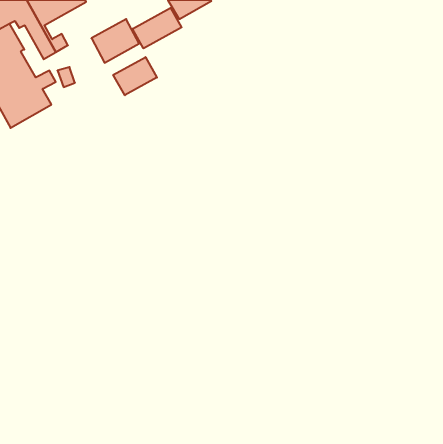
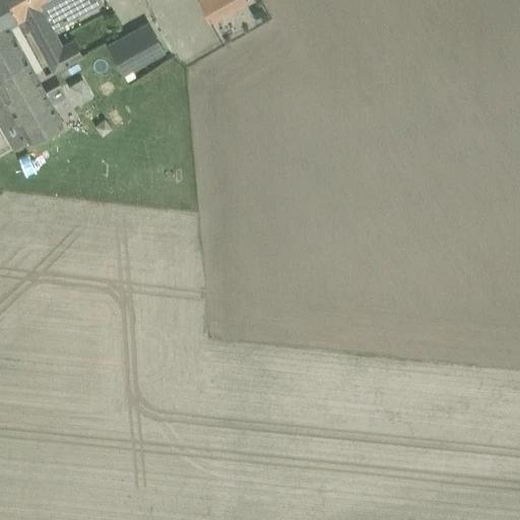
building: [132,8,182,48] -> none
building: [113,57,157,95] -> none

